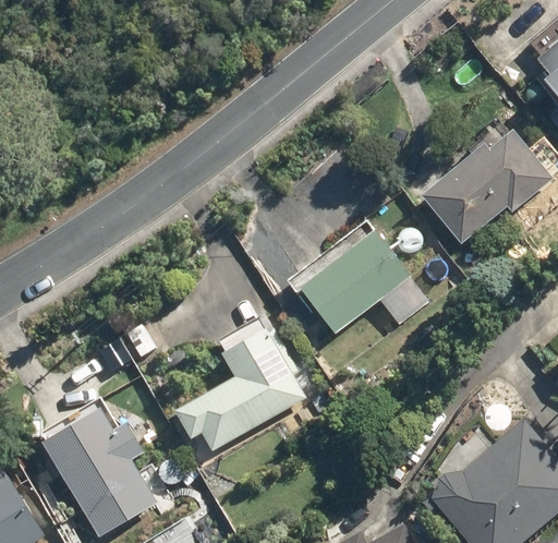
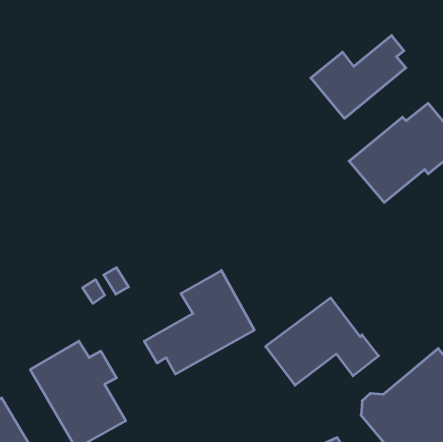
building: none -> [311,35,406,118]
building: [296,230,430,334] -> [266,298,379,385]

